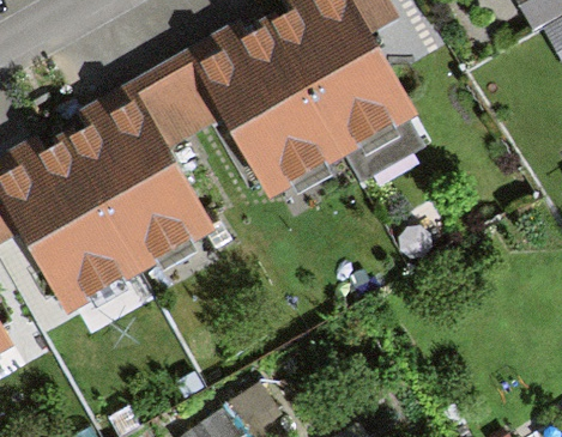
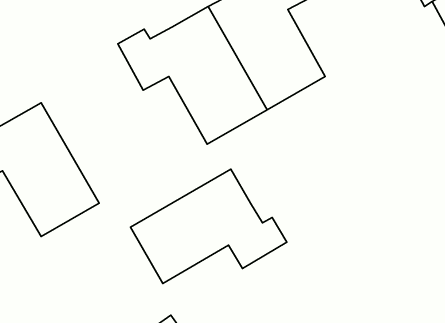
building: [68,75,211,269] -> none
building: none -> [131,169,287,283]

